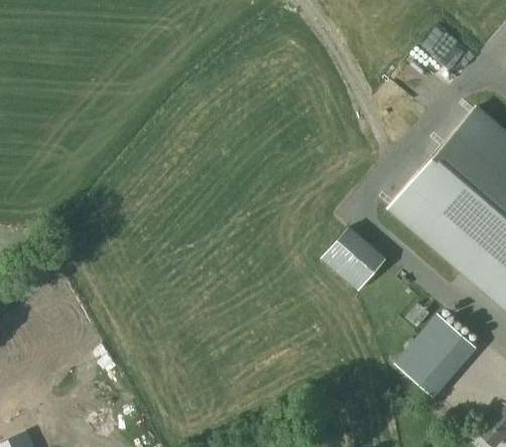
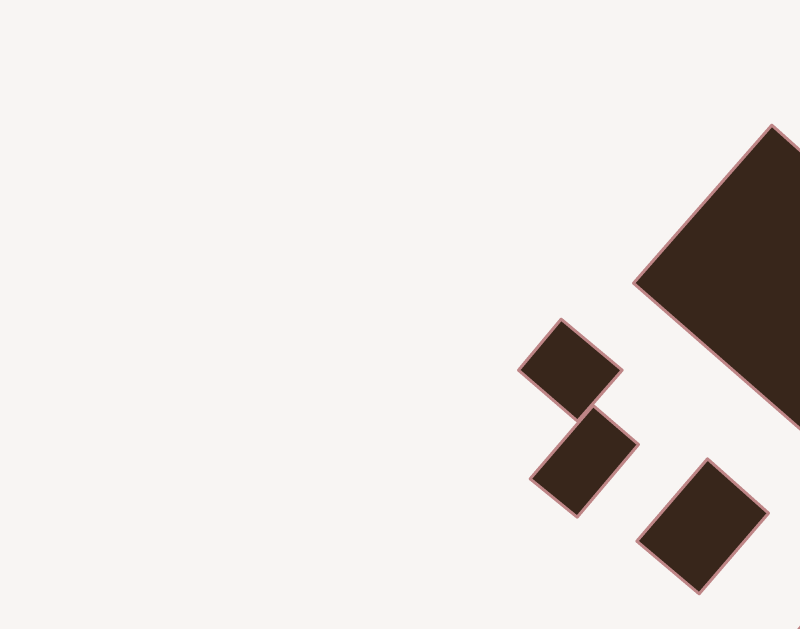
building: none -> [530,406,639,517]

